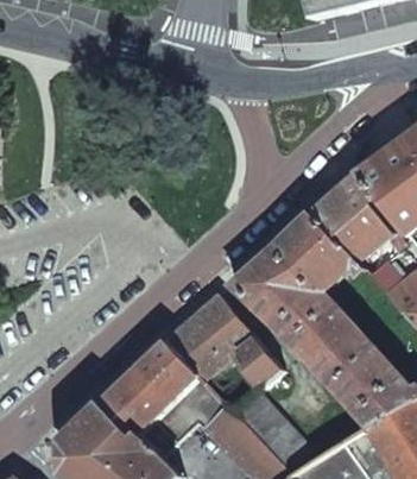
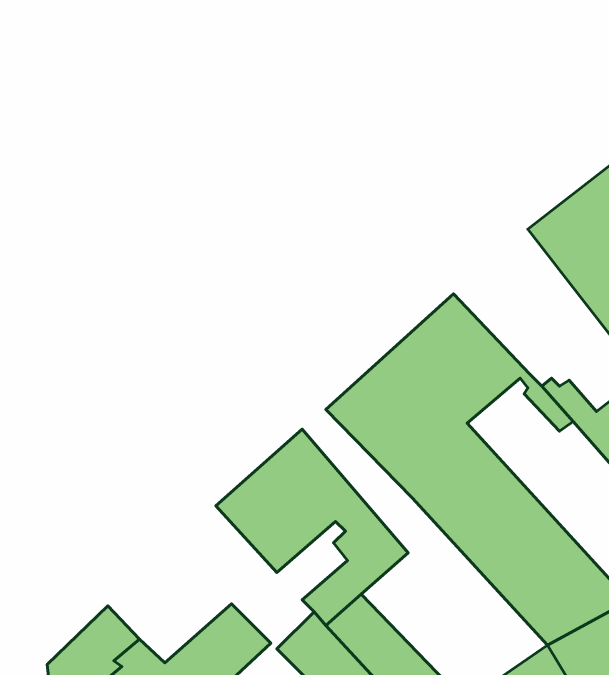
building: [307,175,388,263] -> none
building: [97,342,222,437] -> none

